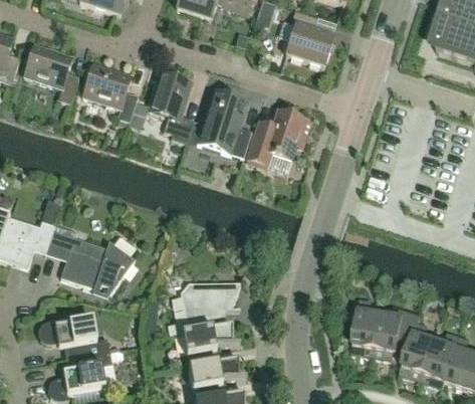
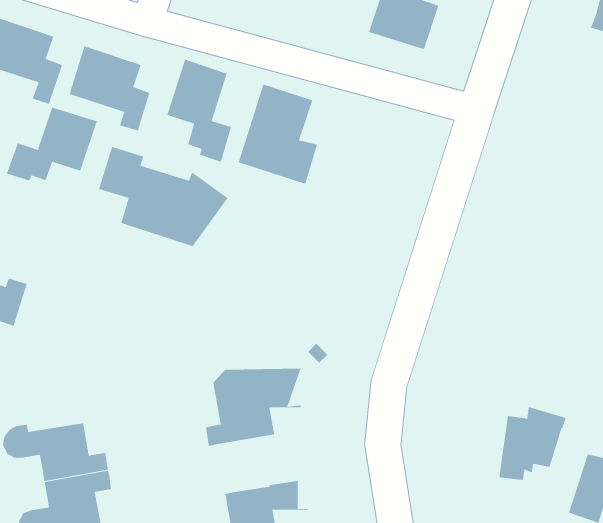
building: none -> [6,107,97,181]
building: [246,110,310,166] -> none
building: [45,225,134,293] -> [98,146,229,247]
building: [350,301,380,357] -> none
building: [400,324,434,381] -> none
building: [182,325,239,367] -> none

